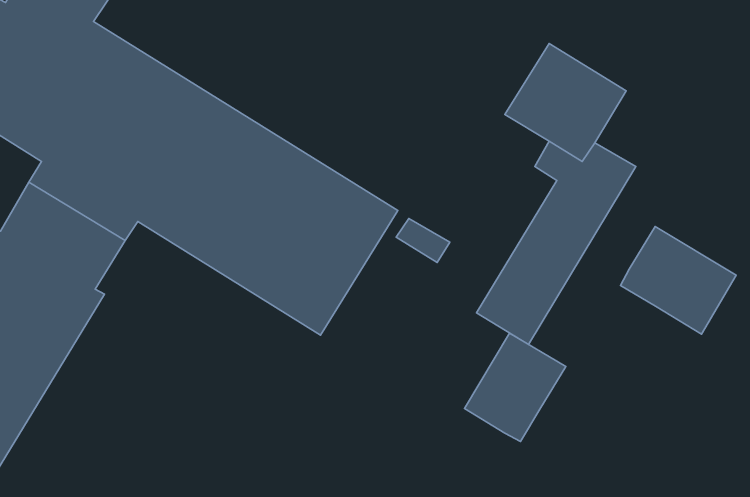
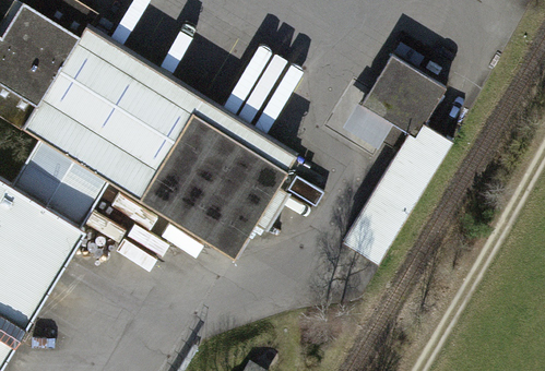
building: [621,227,736,334] -> none
building: [464,333,566,442] -> none

